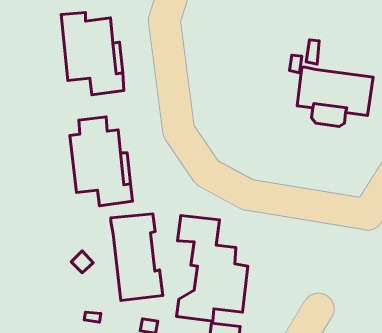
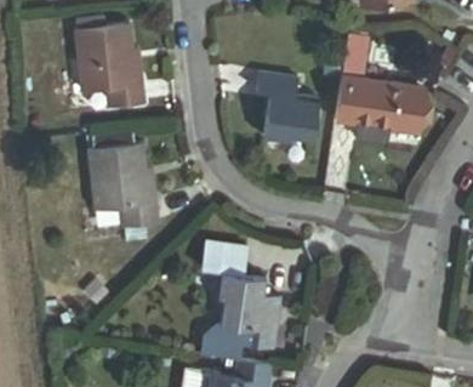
building: none -> [258,75,320,146]
building: [111,214,163,301] -> none

